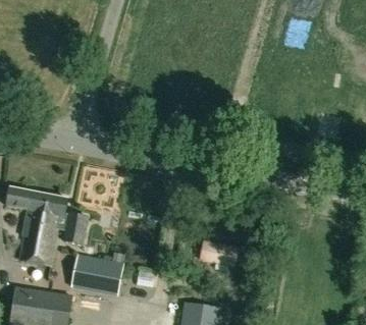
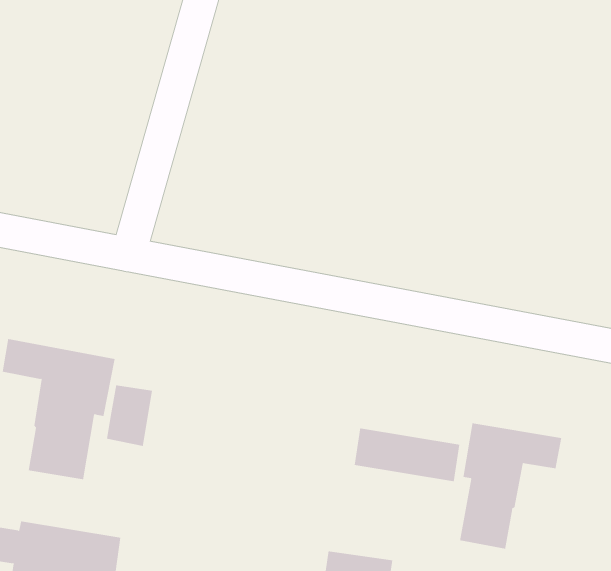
building: none -> [459,422,562,550]
building: [71,254,123,293] -> none

